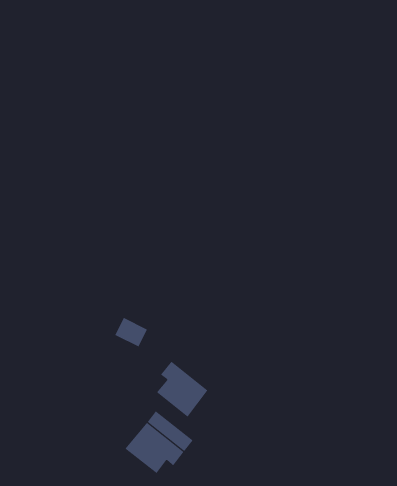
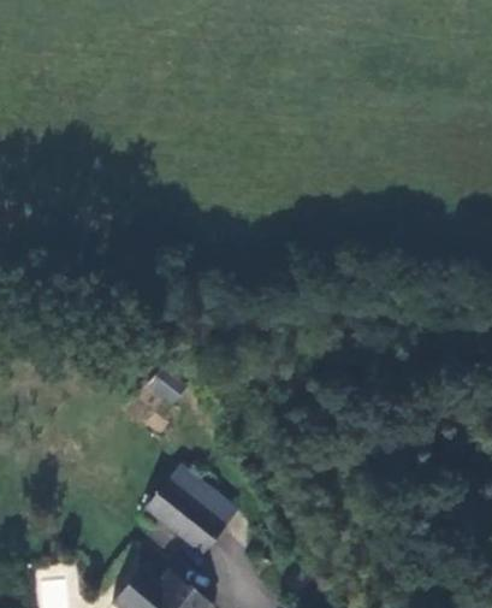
building: [156,361,208,417] -> none

